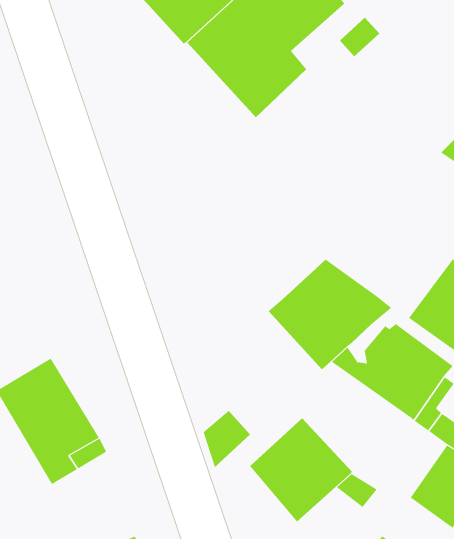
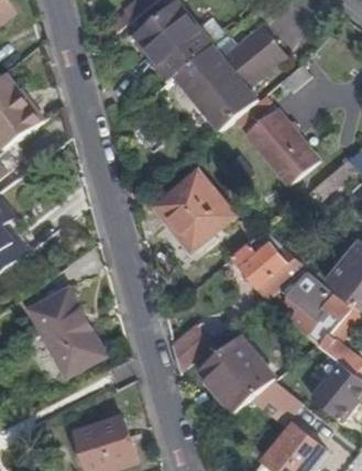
building: none -> [244,109,317,185]
building: none -> [154,172,233,250]

